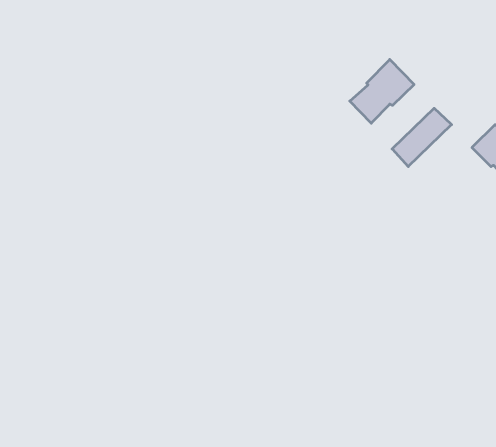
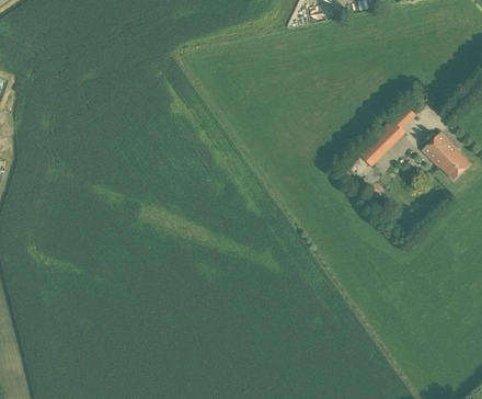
building: [350,59,414,123] -> none

